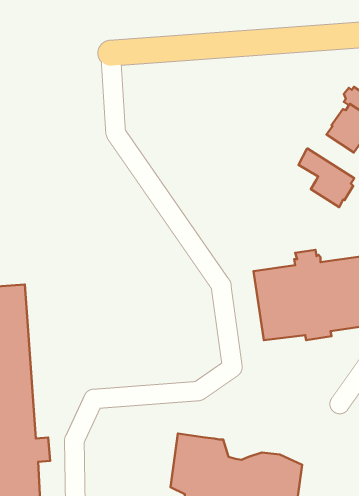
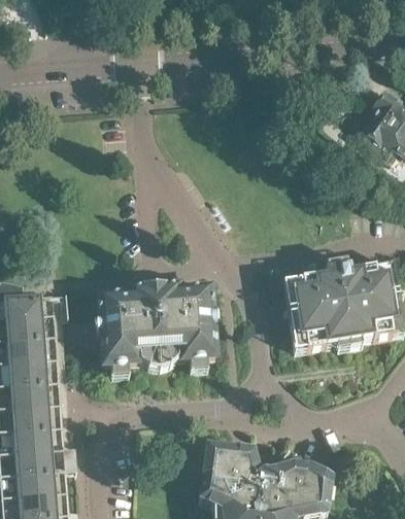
building: [298,148,354,207] -> none
building: none -> [95,282,217,375]

